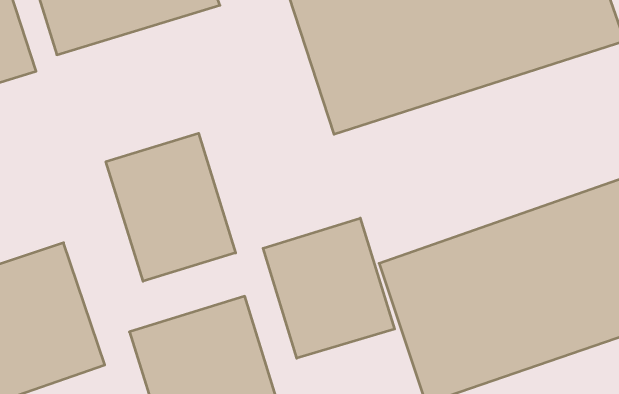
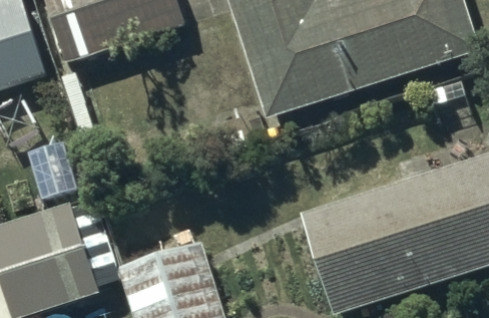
building: [106,133,236,281] -> none
building: [263,218,395,358] -> none

